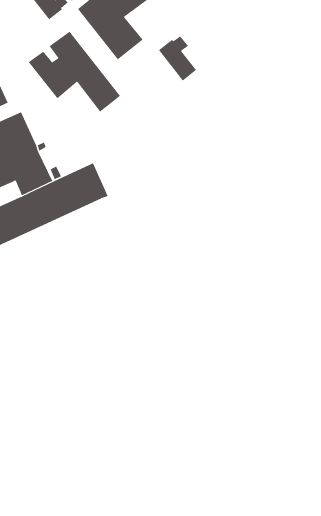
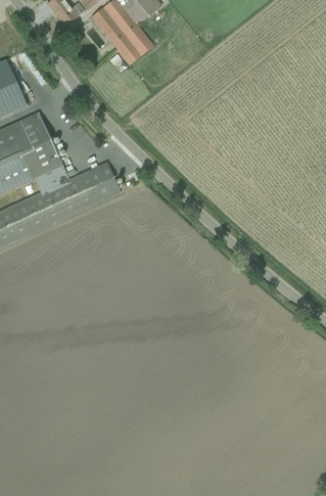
building: [28,31,121,112] -> none
building: [158,35,197,81] -> none

